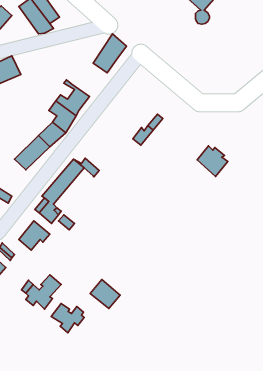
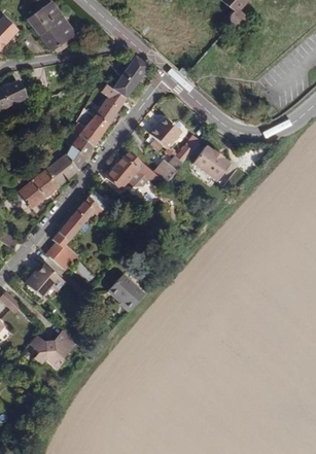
building: none -> [87,76,129,121]
building: none -> [150,115,184,147]
building: none -> [110,147,146,185]
building: [197,146,228,177] -> [195,144,231,180]
building: [90,279,120,309] -> [105,276,140,310]
building: [51,304,84,333] -> none

